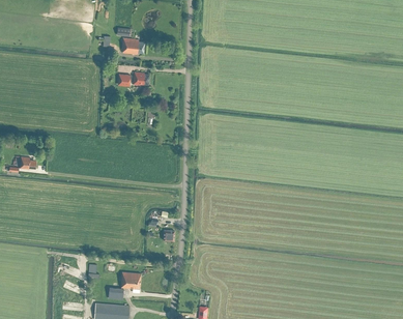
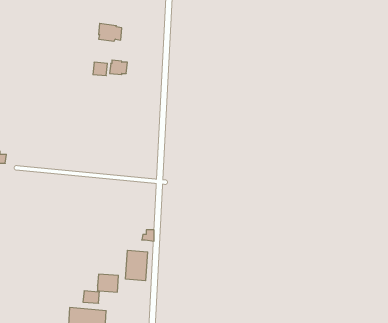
building: none -> [126,250,148,281]

